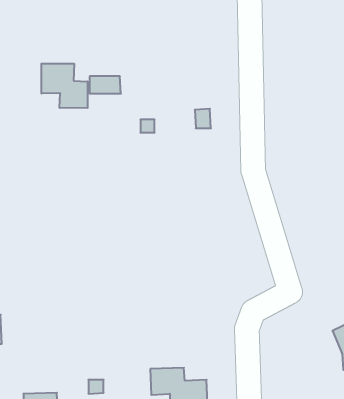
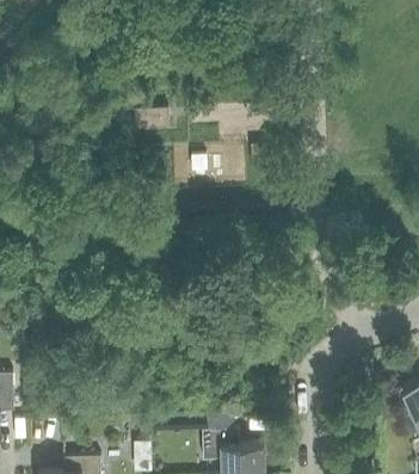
building: [41,64,88,108] -> none

